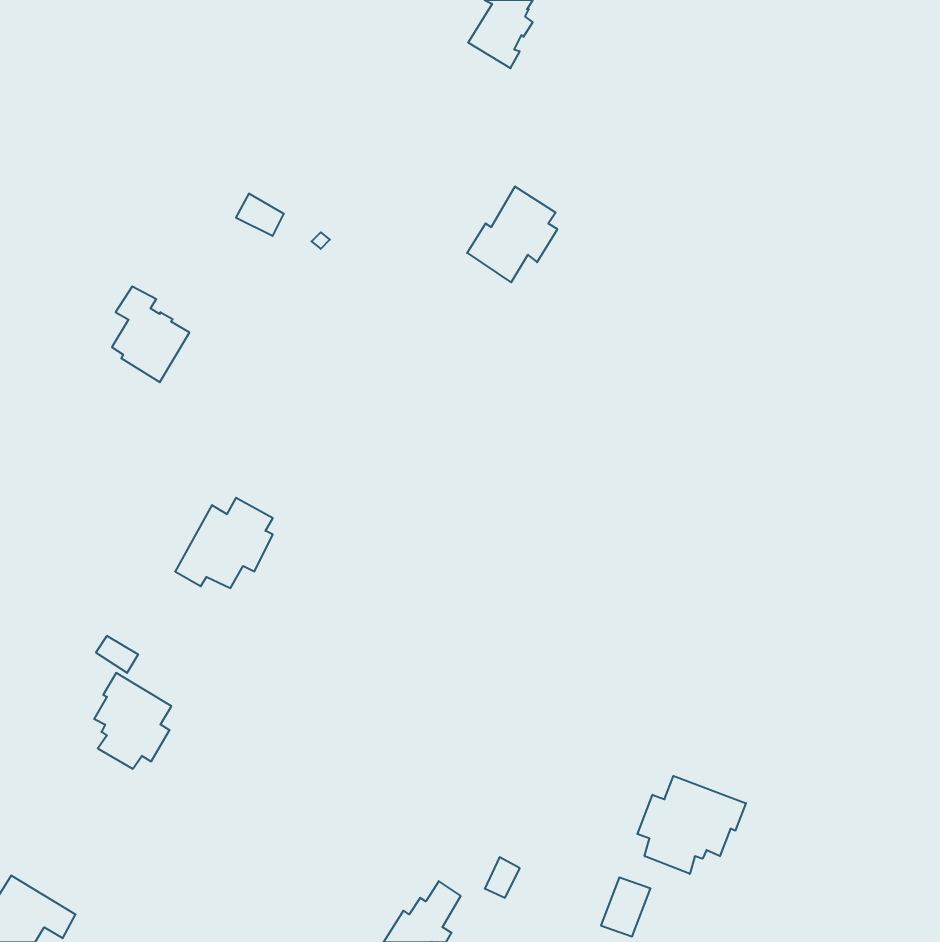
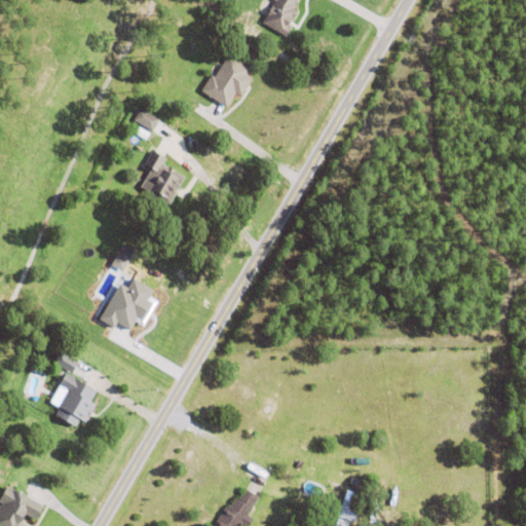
building: [467,187,557,282] -> [200,55,251,109]
building: [112,286,189,382] -> [141,153,184,206]
building: [637,776,746,874] -> none

